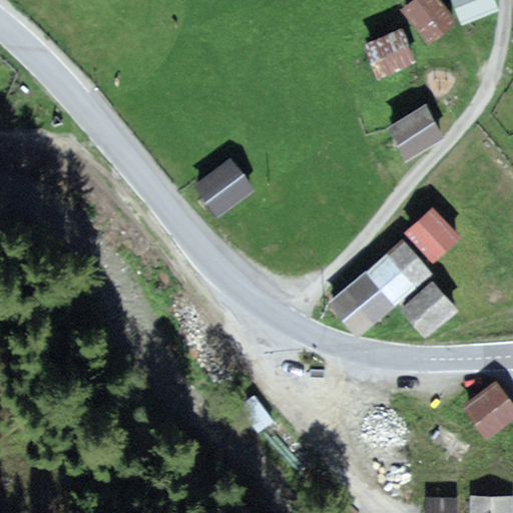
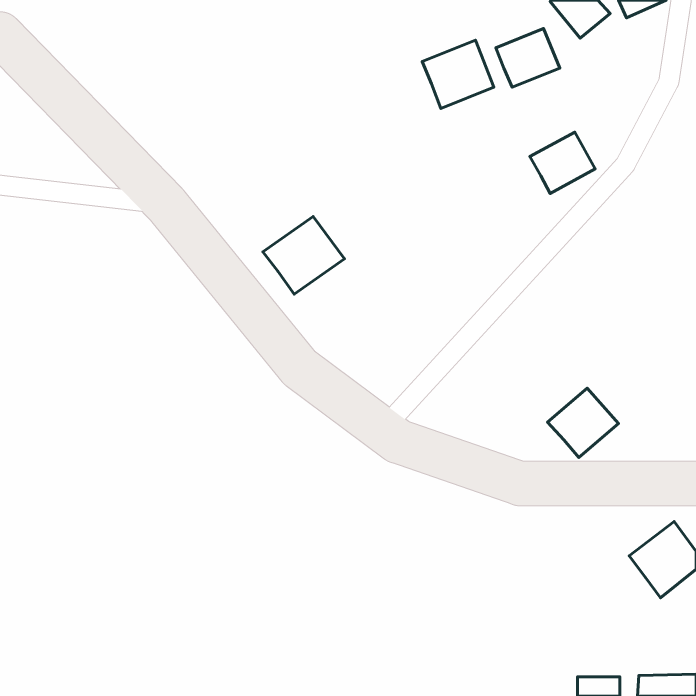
building: none -> [422,40,494,109]
building: [407,210,456,259] -> none
building: [333,245,427,335] -> none

